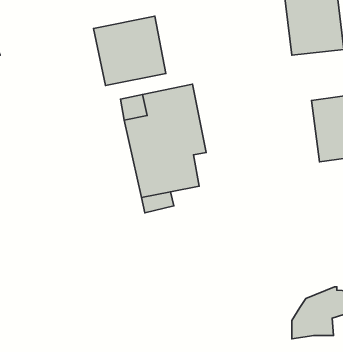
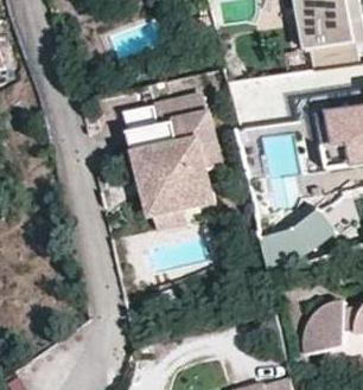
building: [93,16,166,86] -> none

